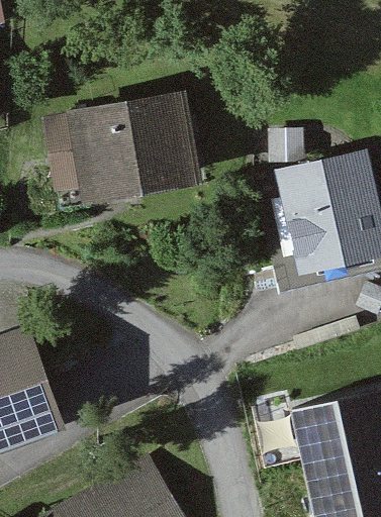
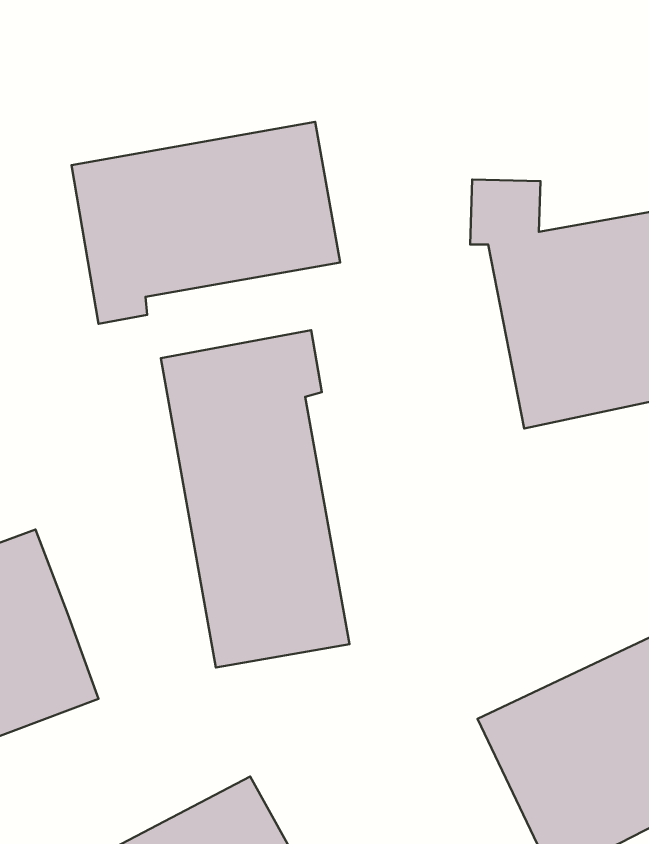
building: none -> [161,330,349,668]

